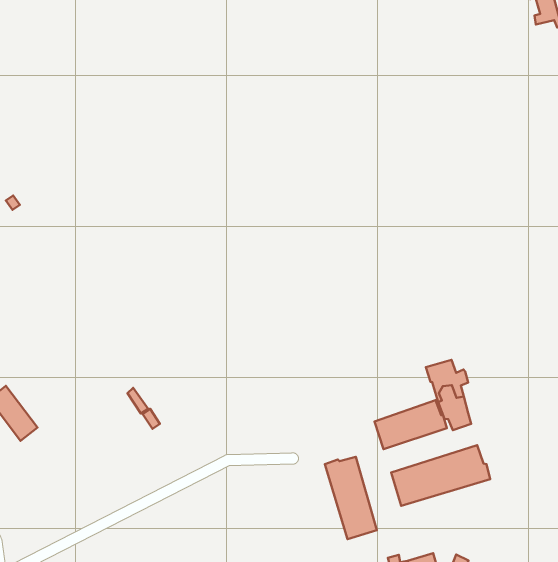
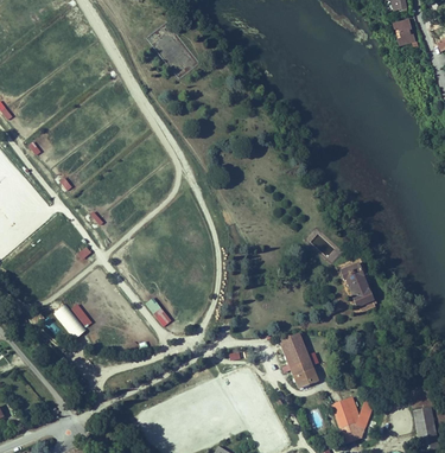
building: [374,400,447,449] -> none
building: [391,445,490,506] -> none

